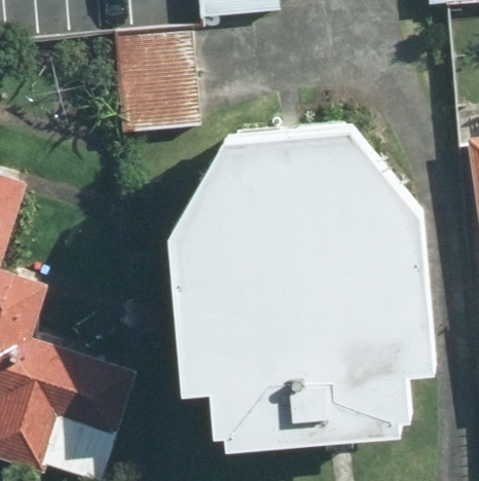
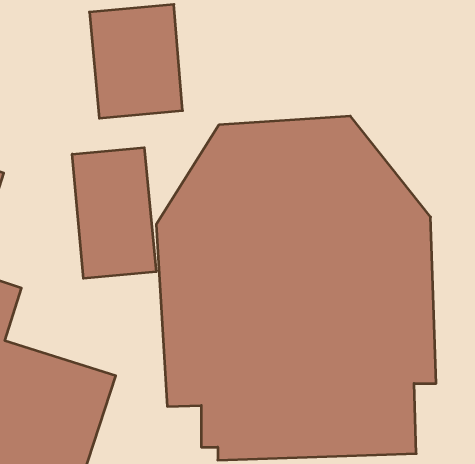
building: none -> [72,148,156,278]

